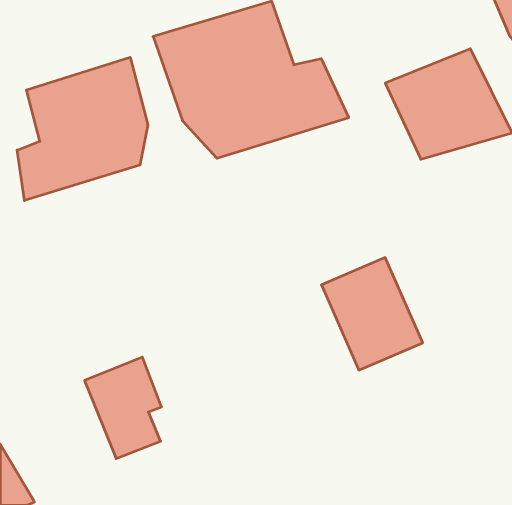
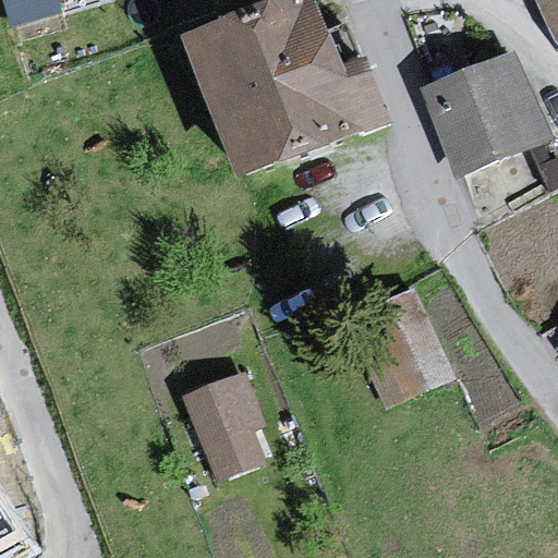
building: [17,57,148,201] -> none
building: [85,357,162,459] -> [190,357,272,466]

